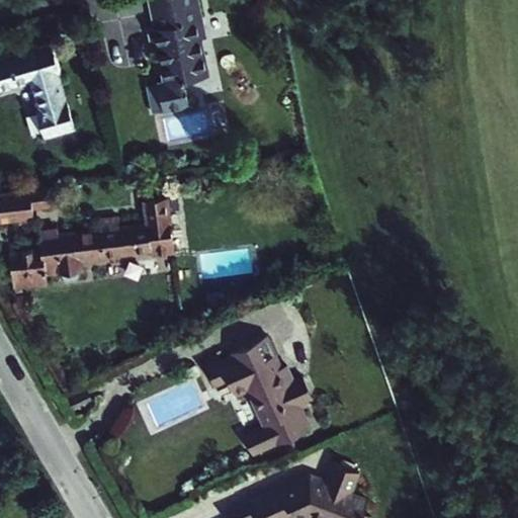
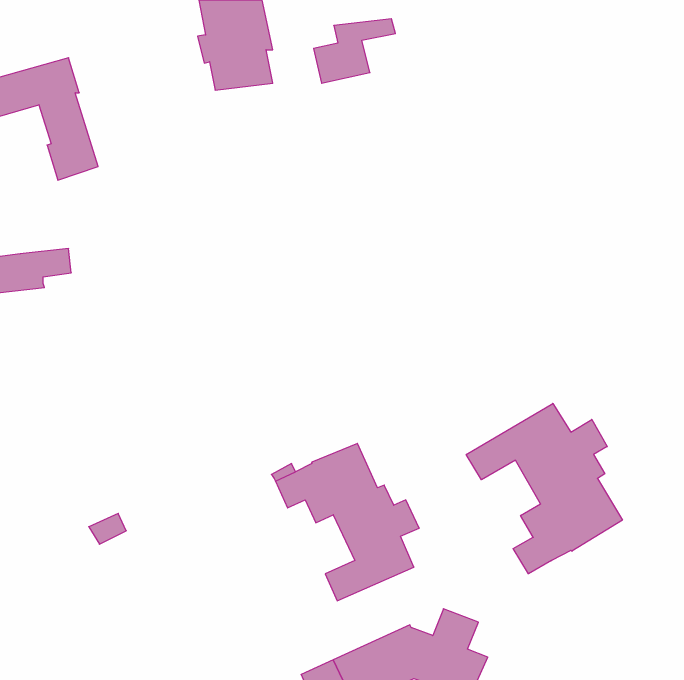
building: [147,68,208,116] -> [314,19,395,83]
building: [10,204,174,291] -> none
building: none -> [466,403,622,574]

